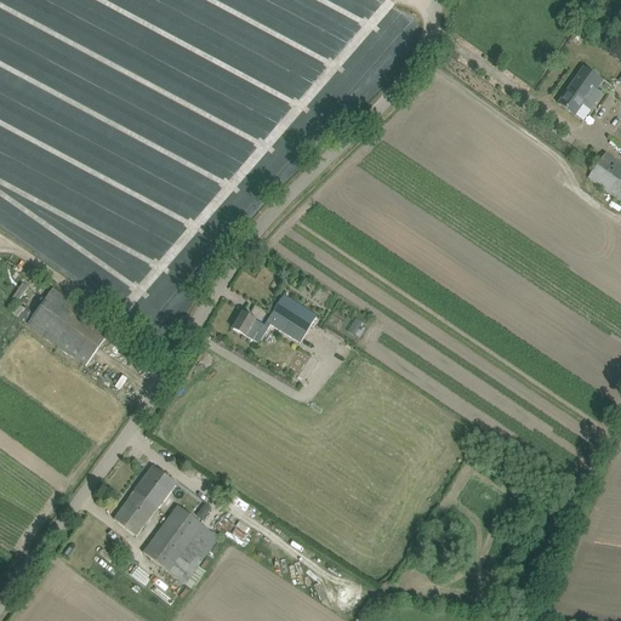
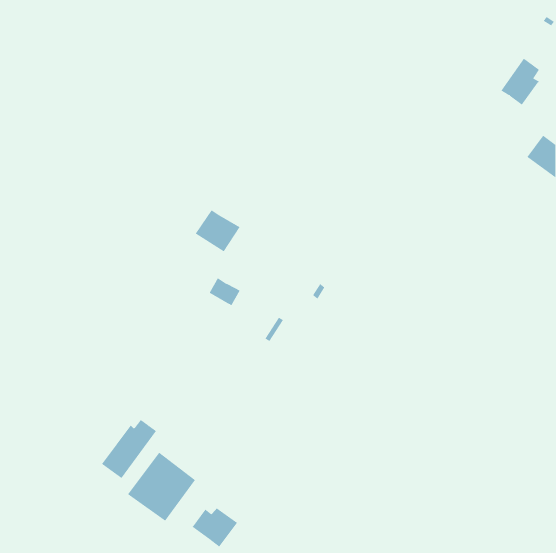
building: [12,286,112,364] -> none
building: [266,292,317,340] -> [195,210,240,252]
building: none -> [192,507,238,548]

